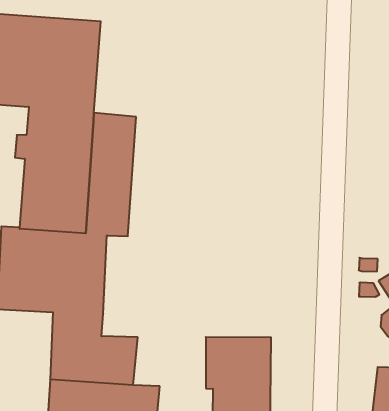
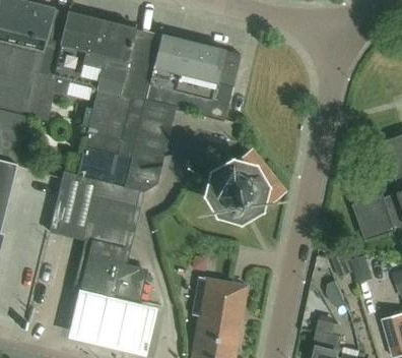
building: none -> [144,34,241,120]
building: none -> [212,150,286,215]

